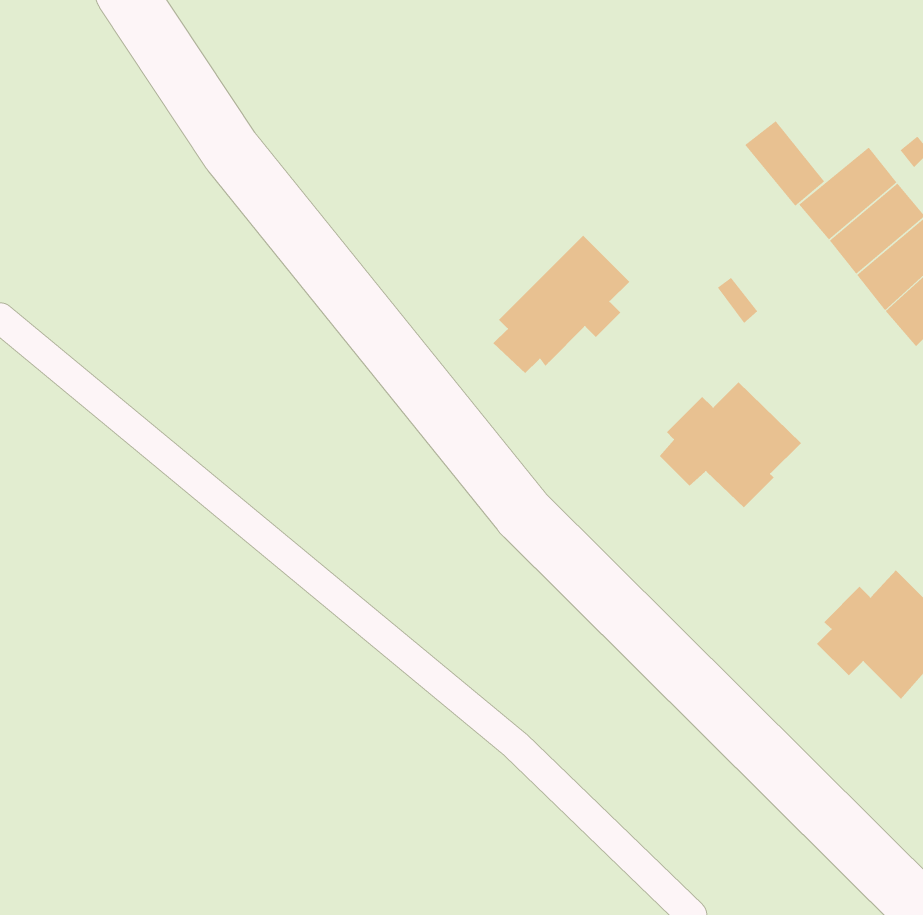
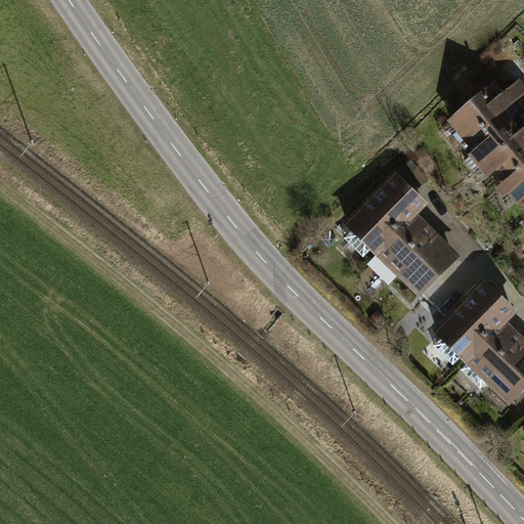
building: [744,120,825,207] -> none
building: [493,235,630,374] -> [346,172,424,251]
building: none -> [435,278,514,359]

